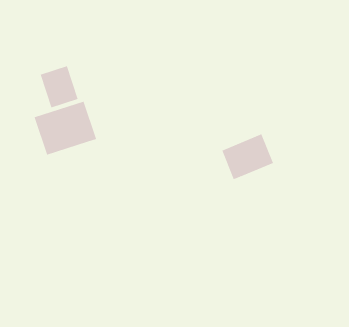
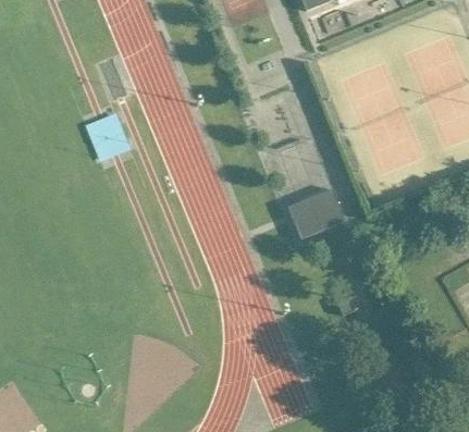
building: [34,101,97,156] -> none

